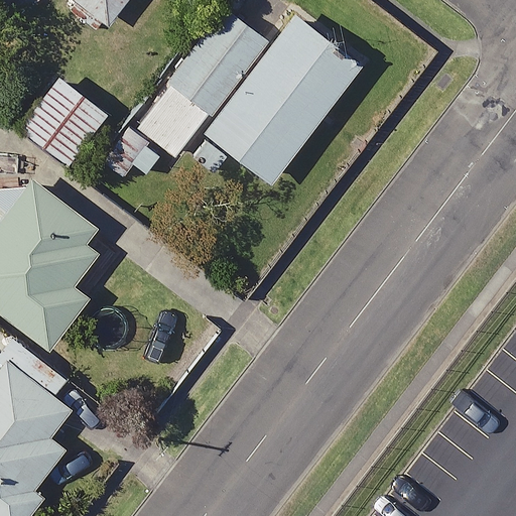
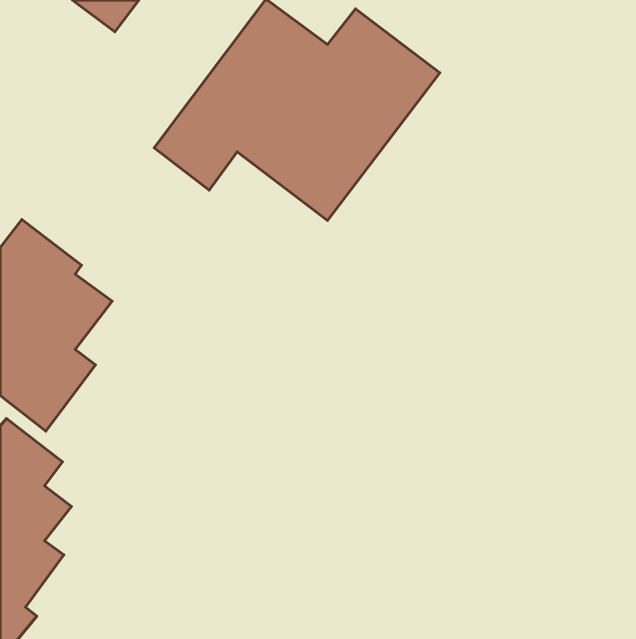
building: [17,78,107,167] -> none

